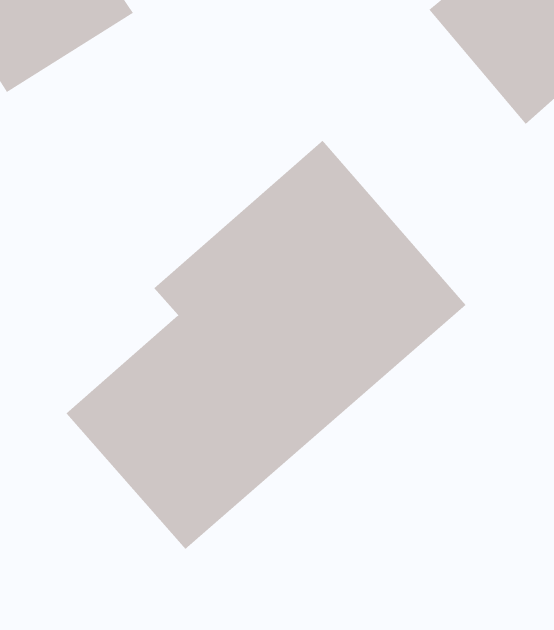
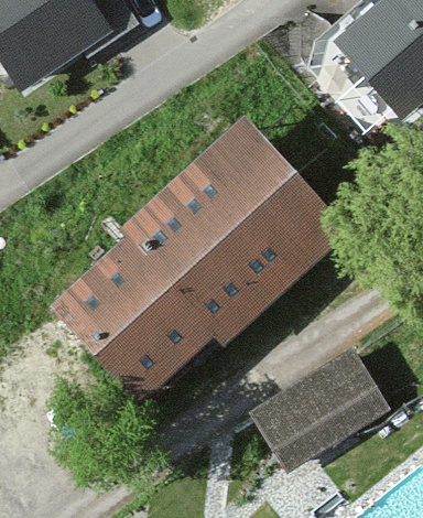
building: none -> [246,342,386,463]

